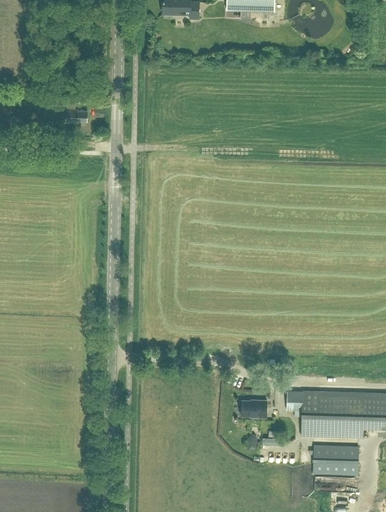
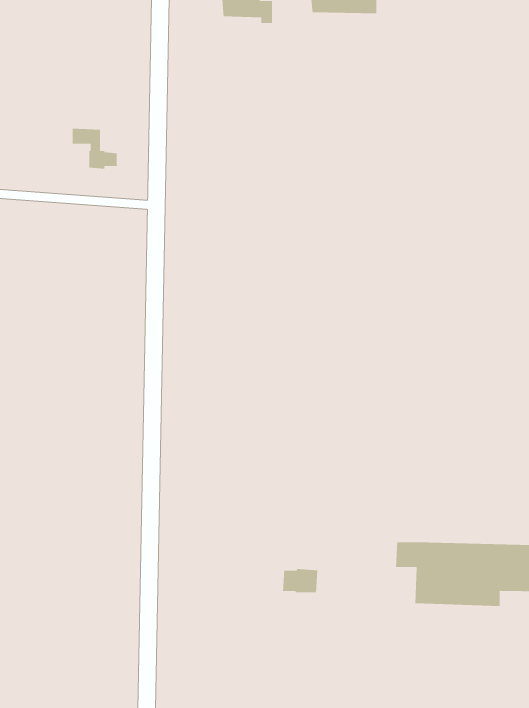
building: [241,399,267,417] -> [282,568,318,593]
building: [313,445,358,474] -> none

